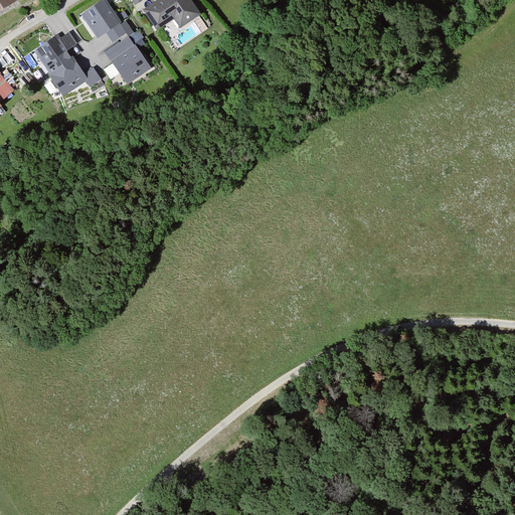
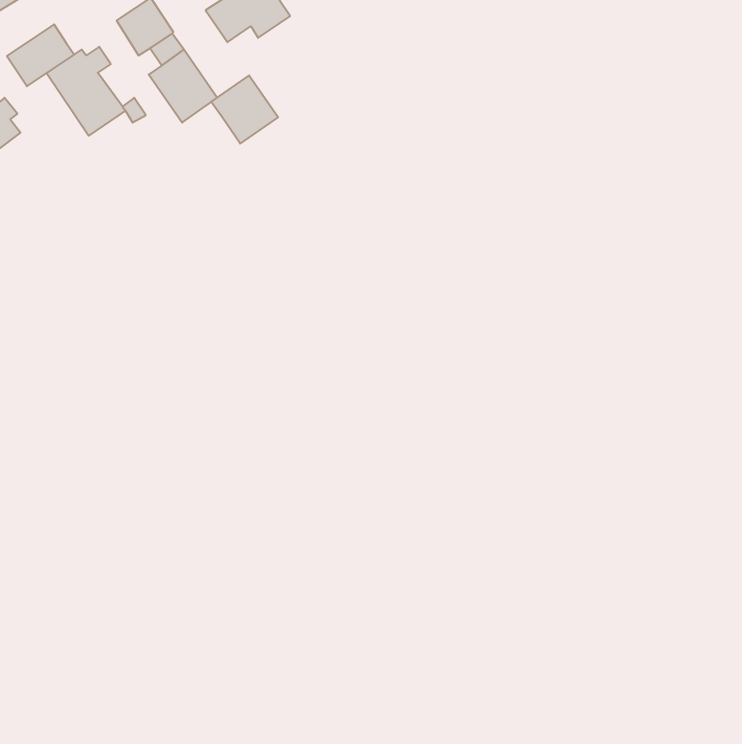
building: none -> [7,24,74,86]
building: none -> [211,75,278,144]

